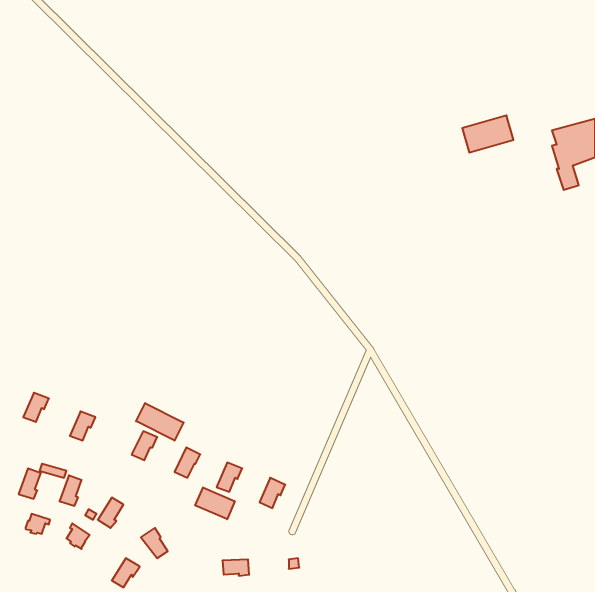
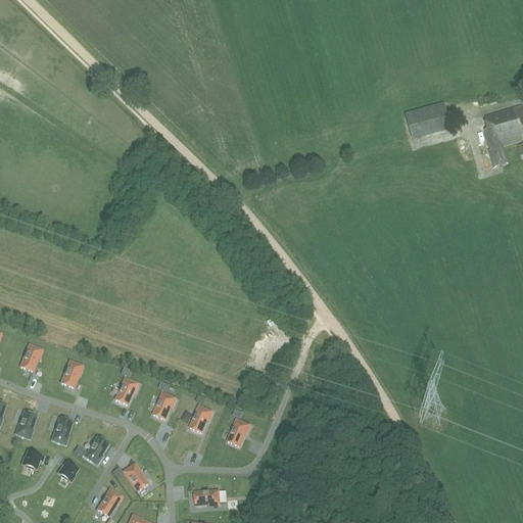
building: [136,403,184,441] -> none
building: [195,487,235,519] -> none

